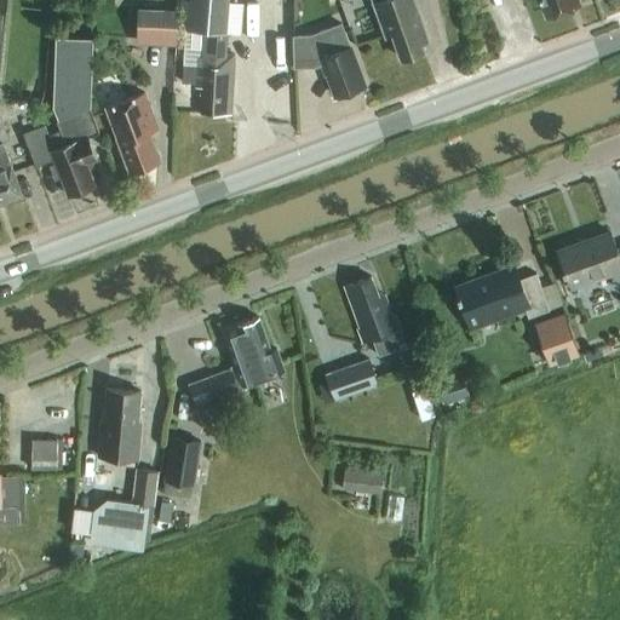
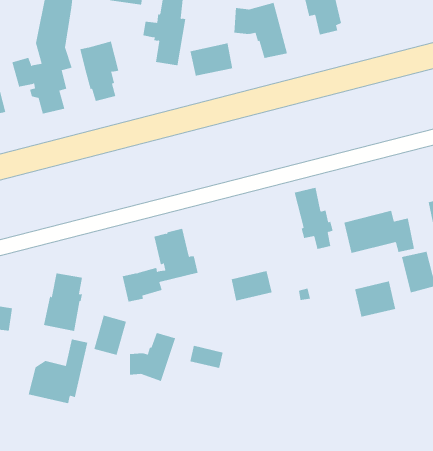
building: none -> [190,43,233,76]
building: [345,277,400,355] -> [294,187,334,250]
building: none -> [354,281,396,318]
building: none -> [129,332,176,382]
building: [343,469,384,494] -> [189,345,224,369]

